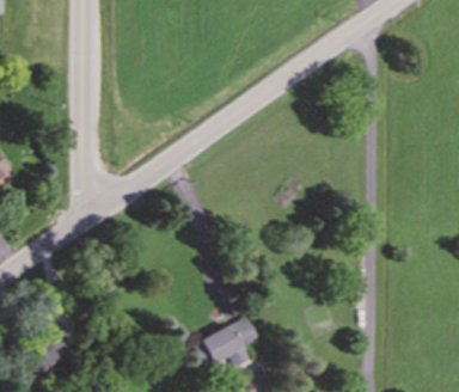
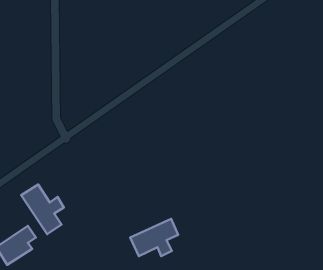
building: none -> [21,184,64,234]

